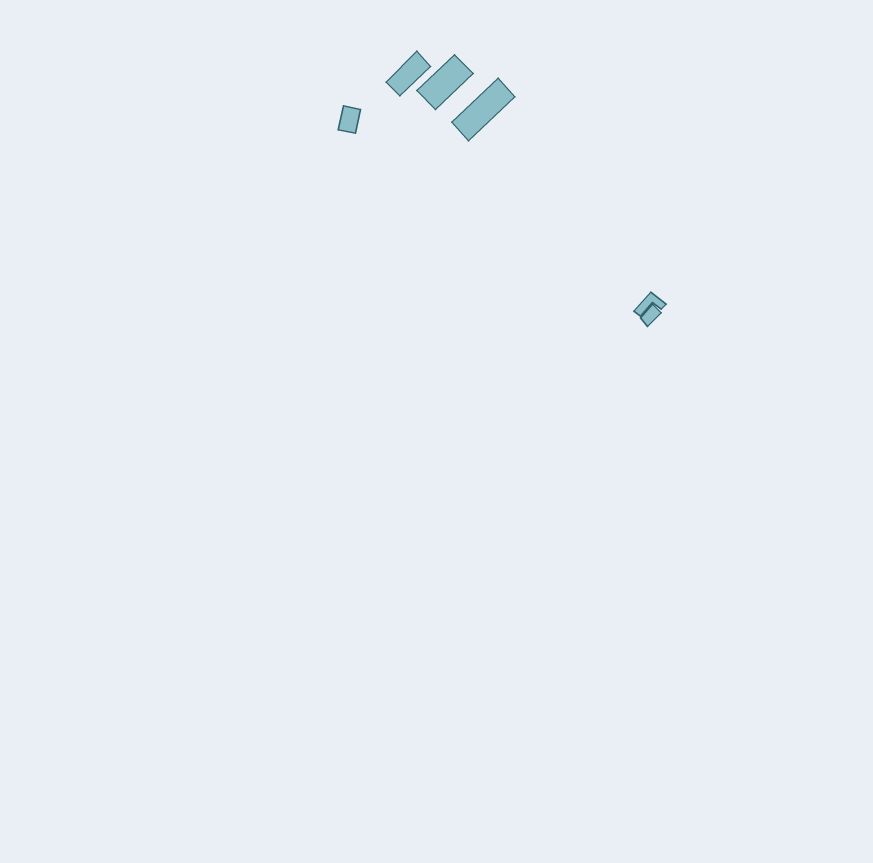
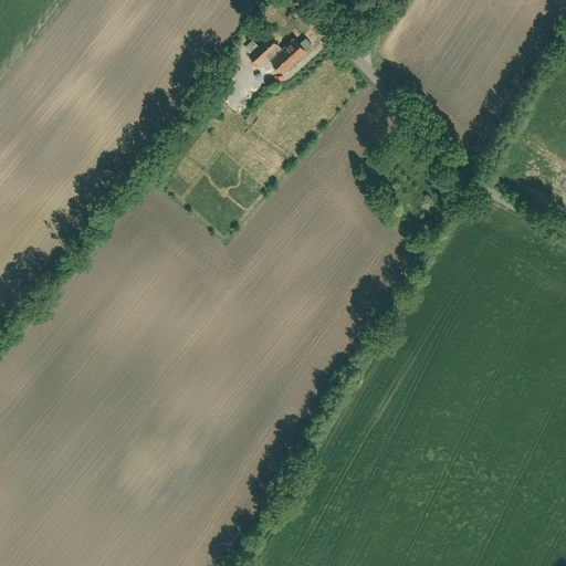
building: [452,78,515,141] -> none

